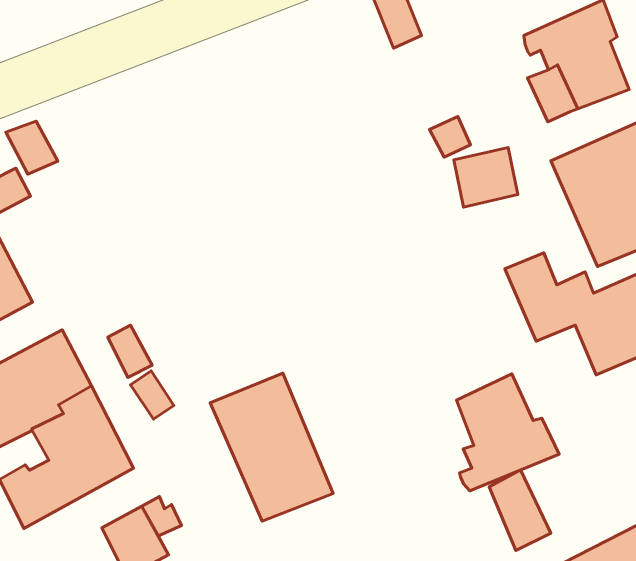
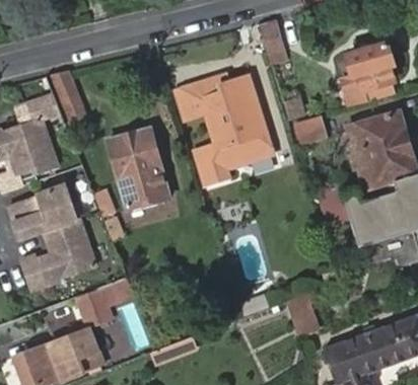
building: none -> [175,74,272,182]
building: [210,373,333,521] -> [111,128,171,207]
building: [457,374,559,491] -> none

